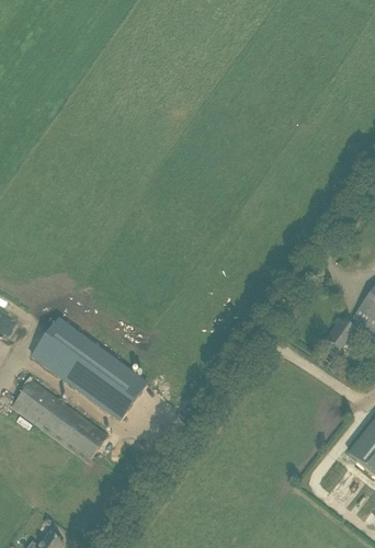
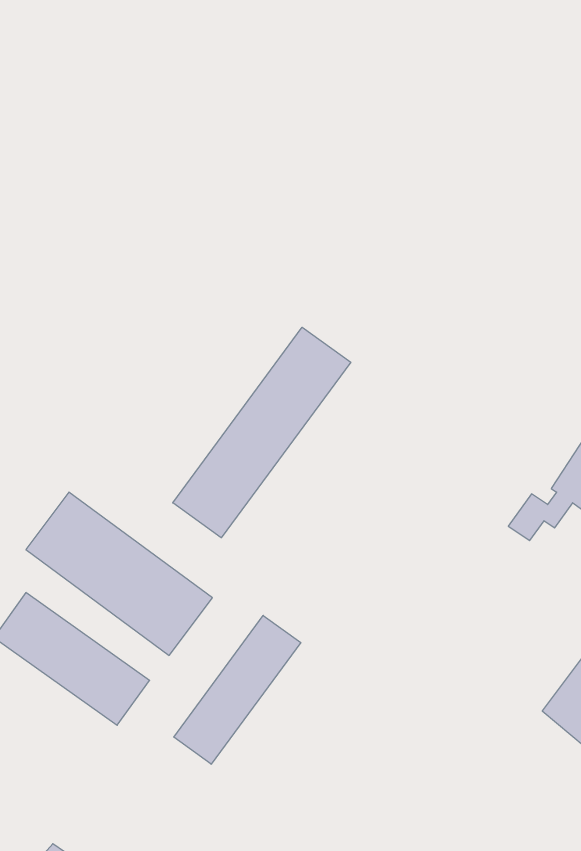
building: none -> [173,327,351,538]
building: none -> [174,615,301,764]

